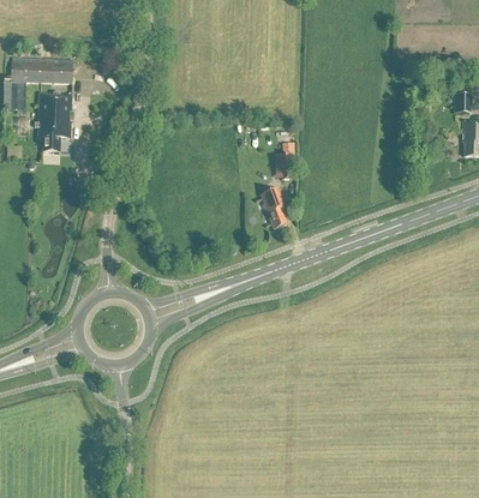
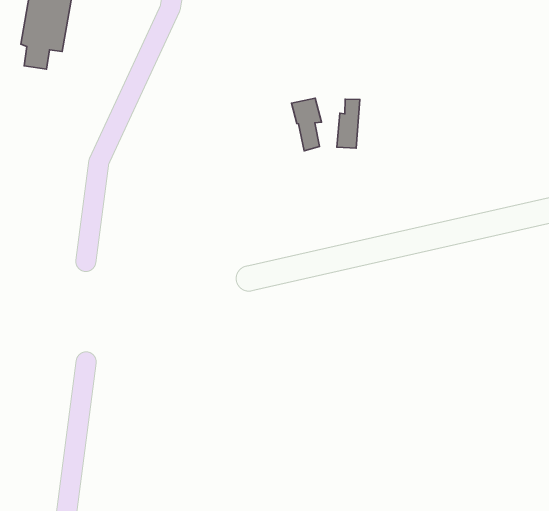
building: [261,187,286,227] -> [292,98,322,151]

